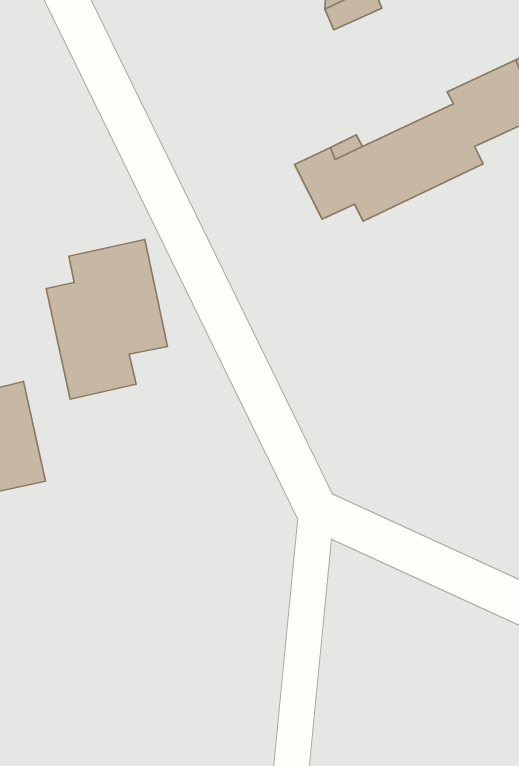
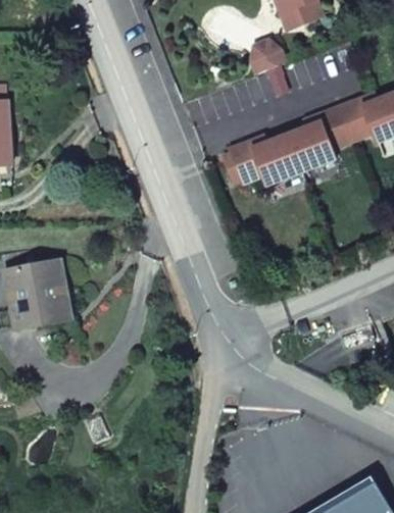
building: [46,240,167,399] -> none

